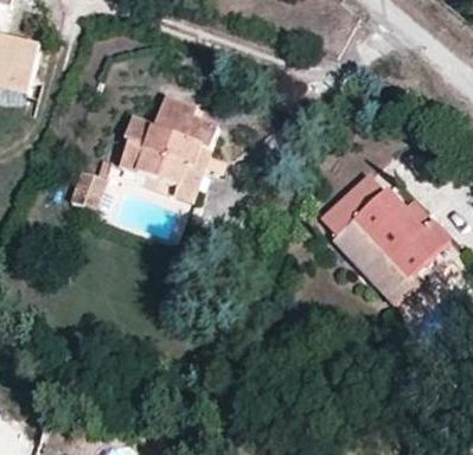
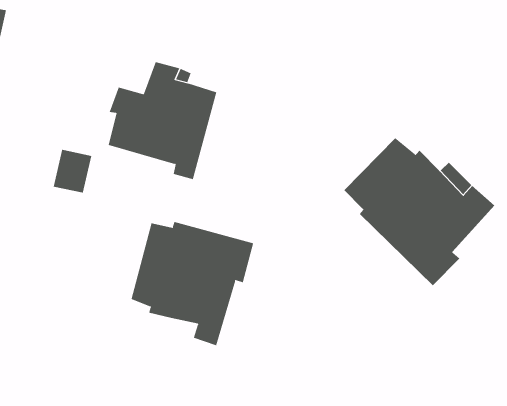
building: none -> [131,221,254,346]

